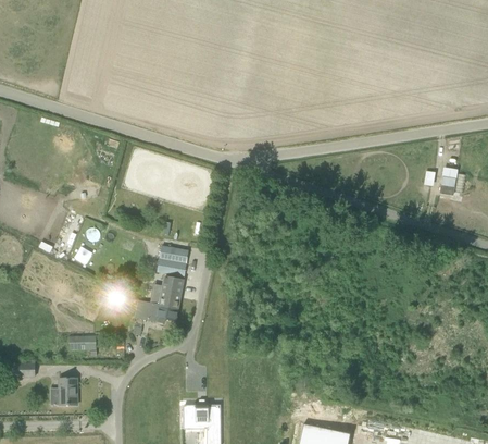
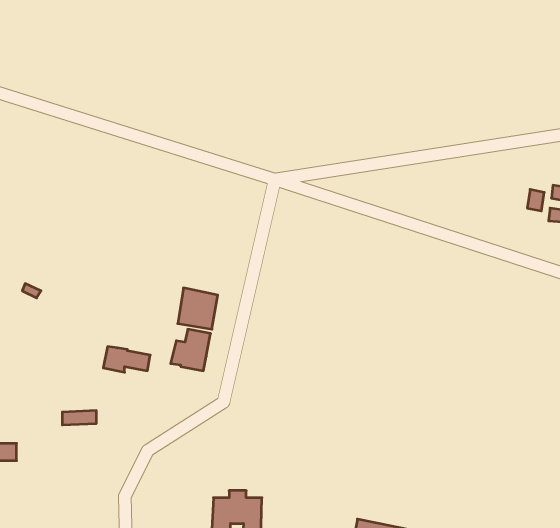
building: [141,301,177,321] -> [103,347,150,372]
building: [59,378,77,405] -> none

